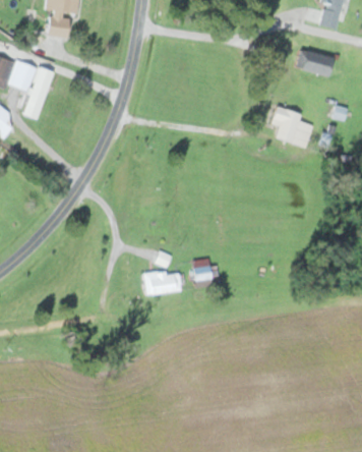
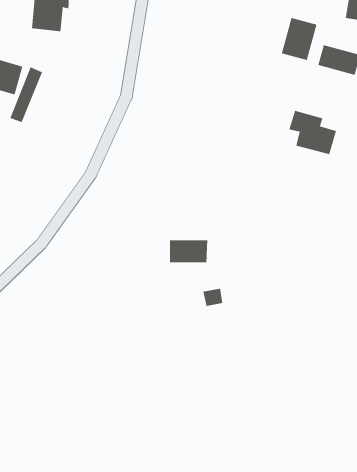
building: none -> [281,17,317,61]
building: [145,272,180,292] -> [169,240,208,263]

